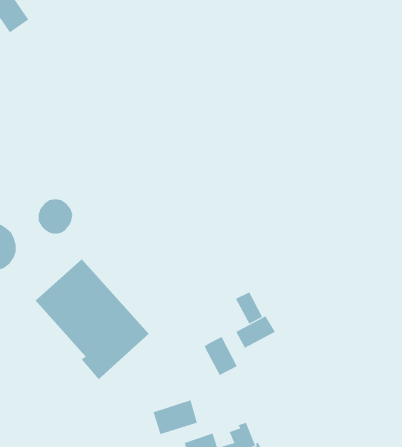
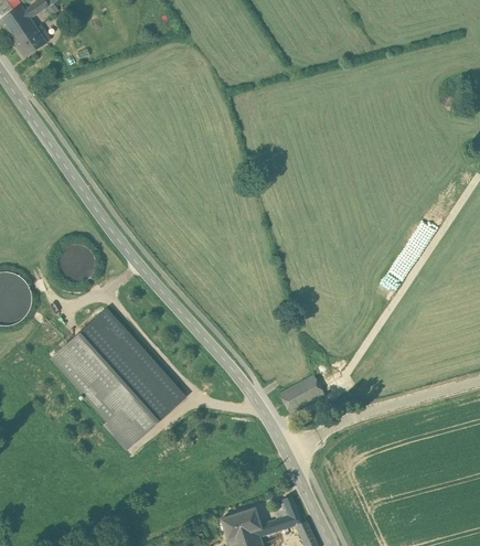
building: [235,292,263,324] -> none
building: [204,336,237,376] -> none
building: [153,400,198,435] -> none

